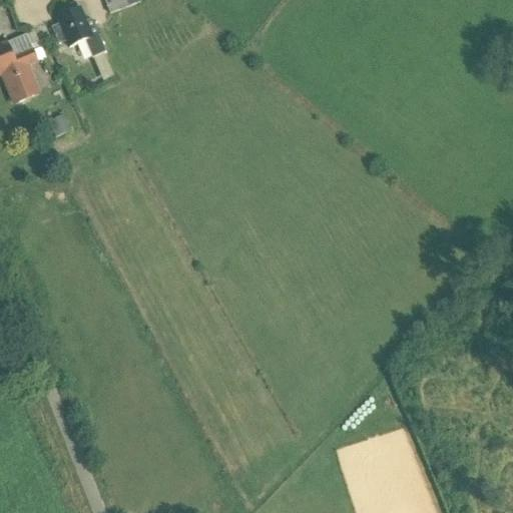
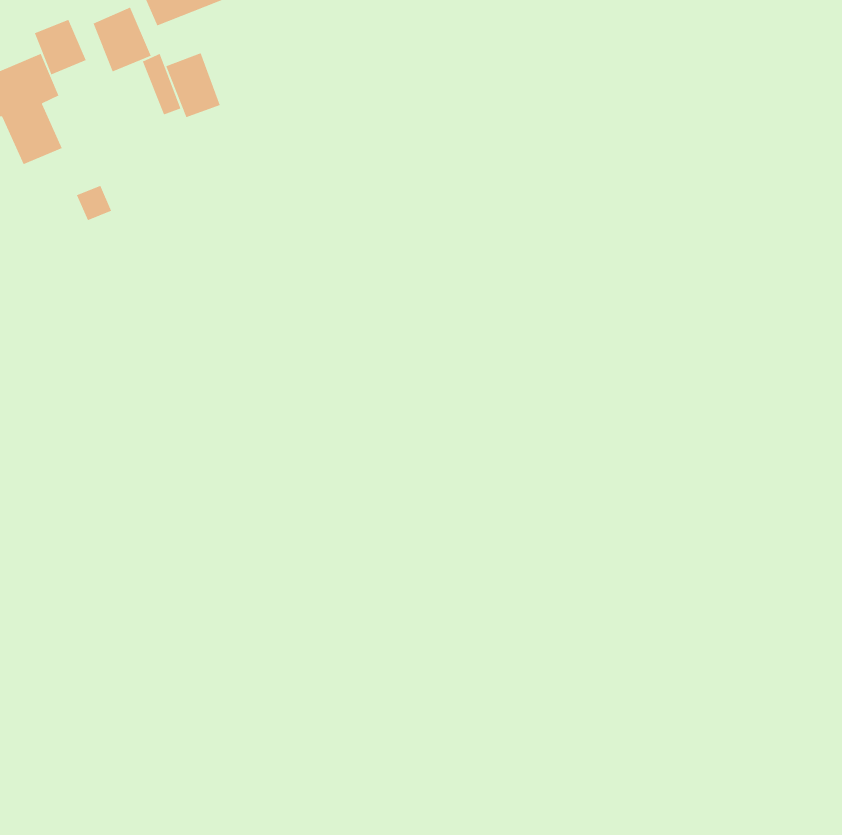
building: none -> [34,19,87,75]
building: none -> [165,52,221,118]

